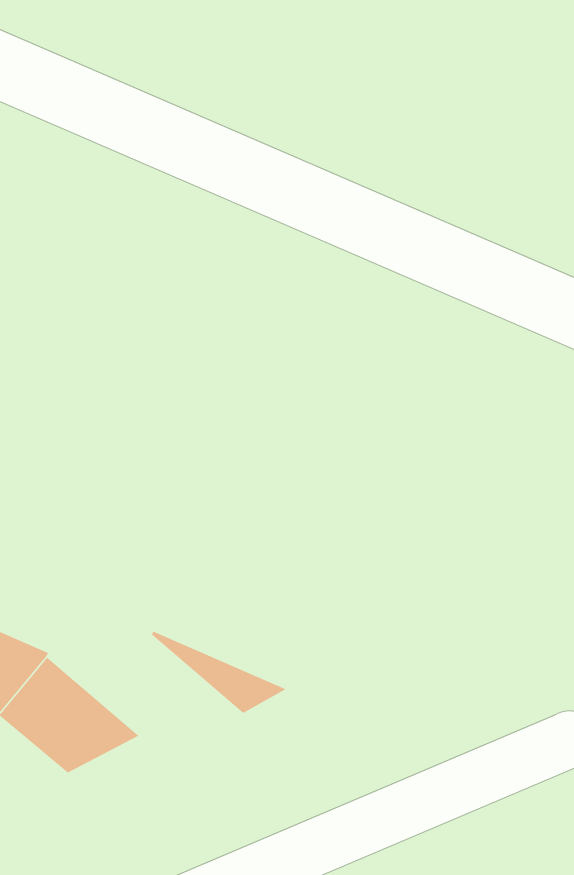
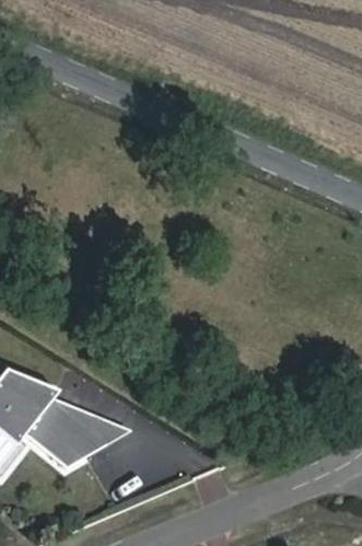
building: [151,631,286,713] -> [54,397,132,445]

